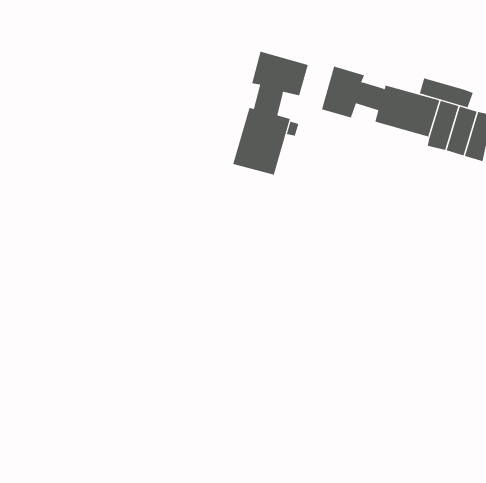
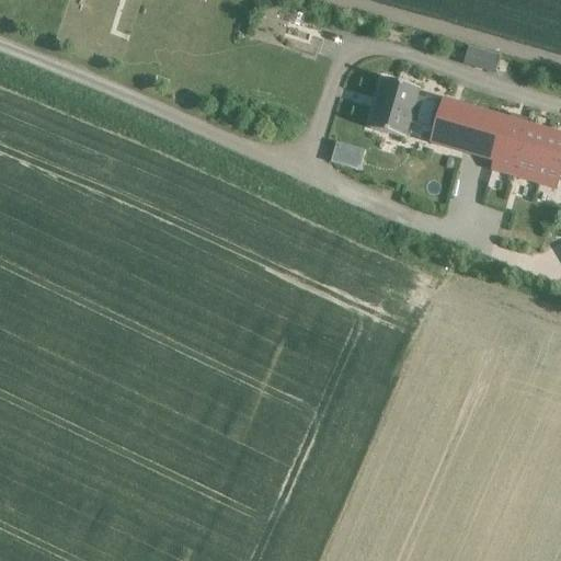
building: [233,51,309,175] -> none
building: [419,77,474,108] -> none

